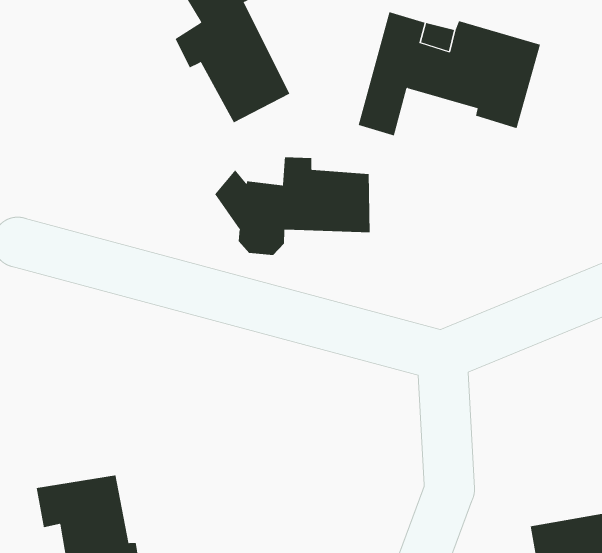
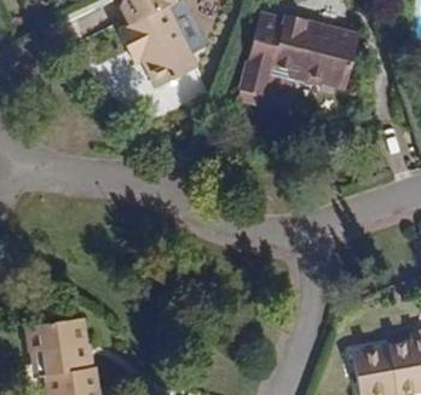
building: [215,157,370,256] -> none

